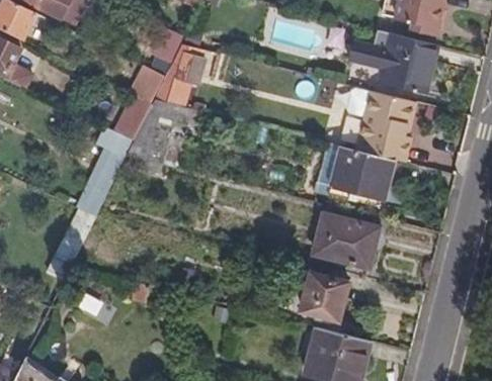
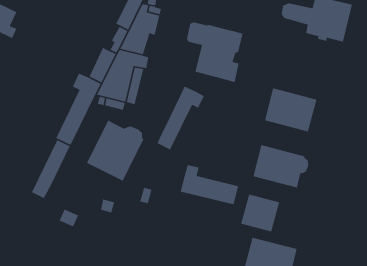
building: [346,87,416,162] -> [186,21,244,83]
building: none -> [156,85,205,151]
building: none -> [86,120,144,182]
building: none -> [180,164,239,205]

